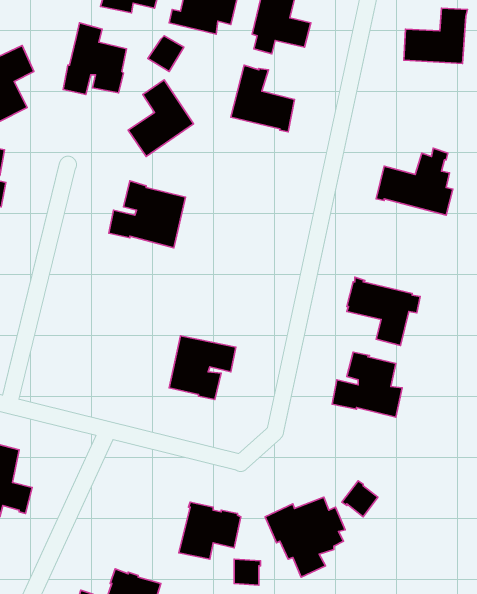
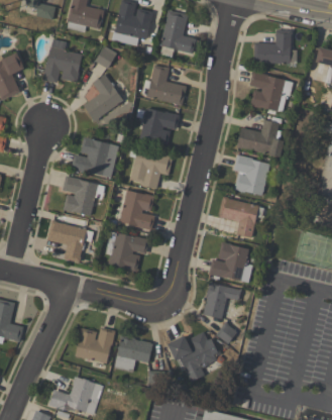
building: none -> [249,71,293,112]
building: none -> [139,108,180,147]
building: none -> [128,147,173,189]
building: none -> [233,154,269,195]
building: none -> [63,176,97,216]
building: none -> [119,190,154,230]
building: none -> [46,220,92,262]
building: none -> [202,282,241,319]
building: none -> [75,327,115,363]

